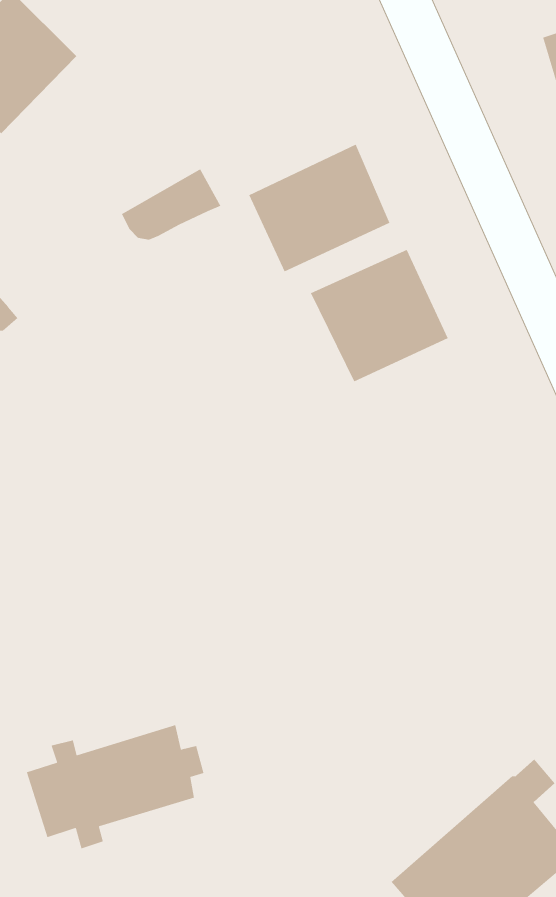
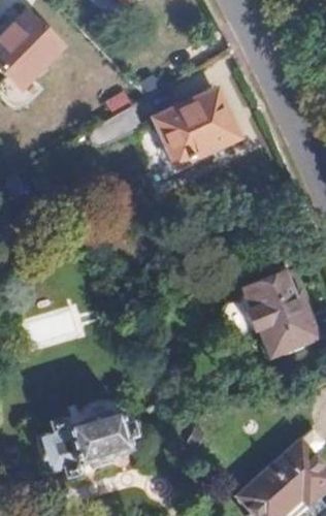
building: [310,249,449,382] -> none
building: none -> [242,270,316,356]

